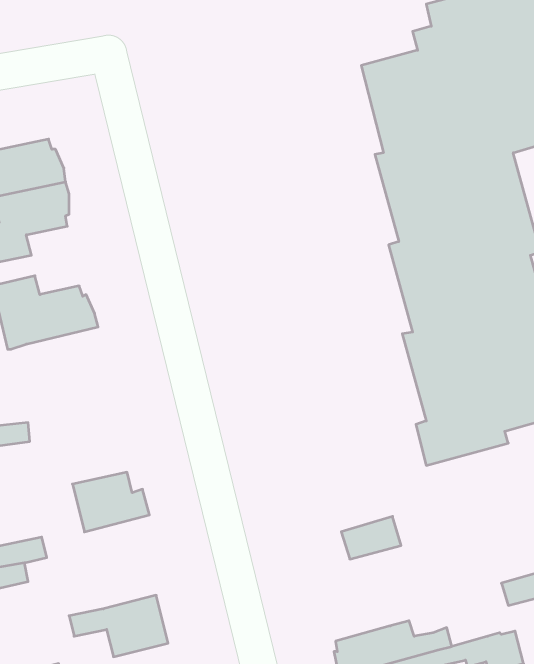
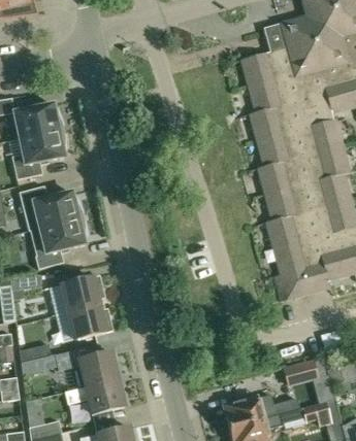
building: none -> [30,216,86,268]
building: none -> [48,275,103,314]
building: [341,516,401,559] -> [284,359,320,384]
building: none -> [55,343,118,386]

